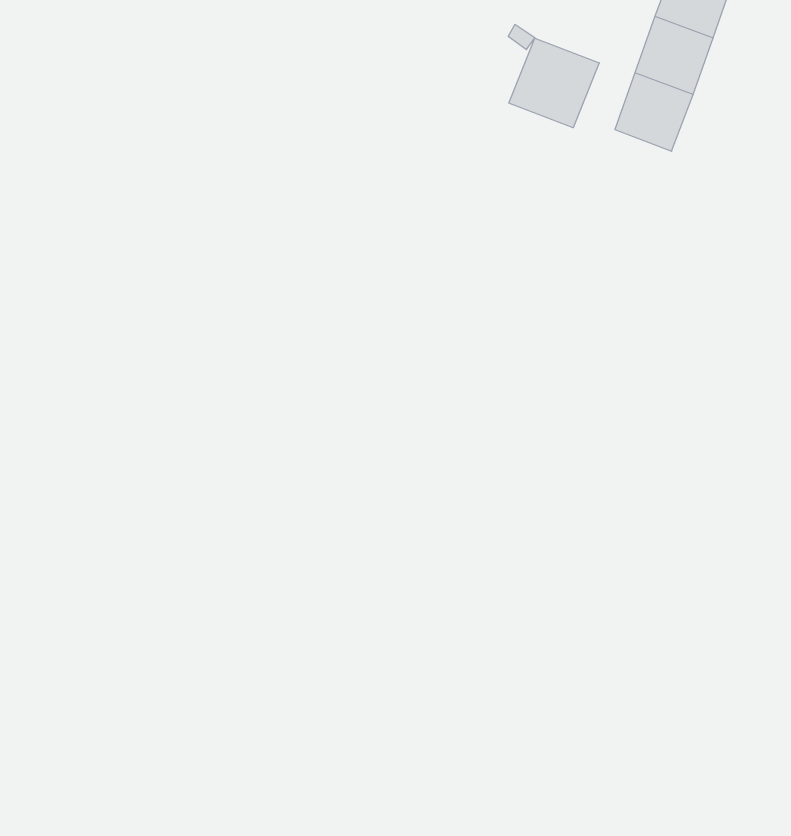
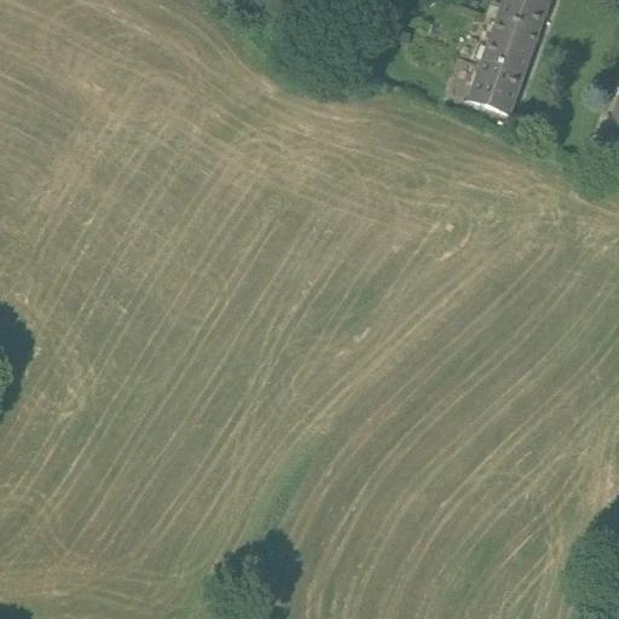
building: [509,38,599,128] -> none

